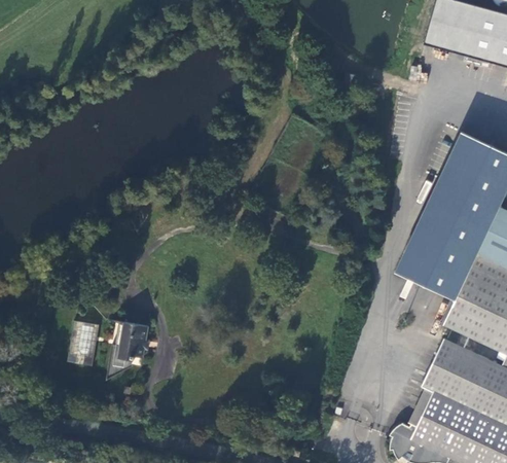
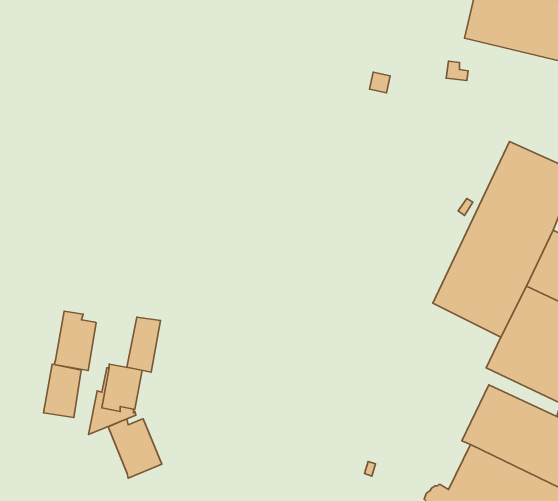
building: none -> [54,311,96,370]
building: none -> [127,317,161,372]
building: none -> [108,419,162,478]

